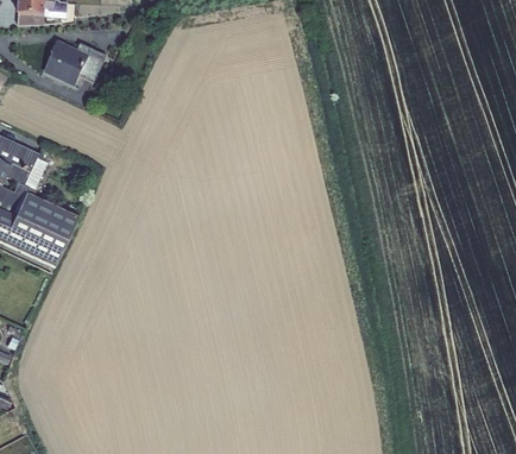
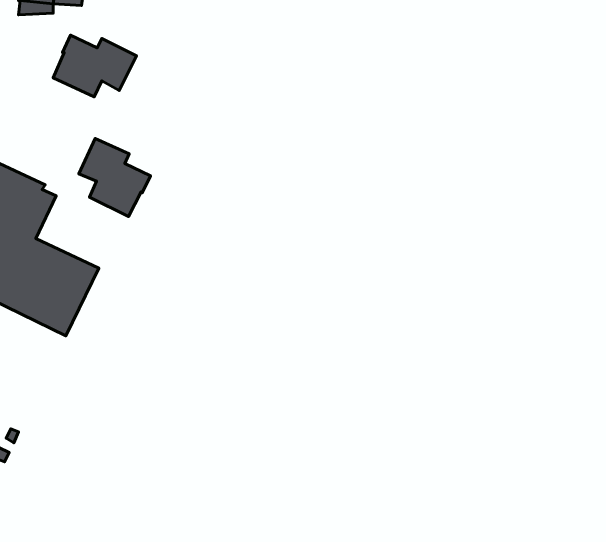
building: none -> [79,138,151,216]

